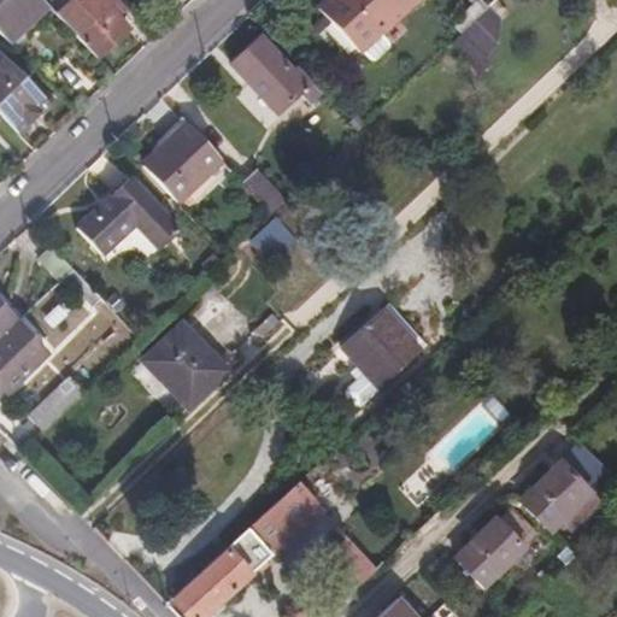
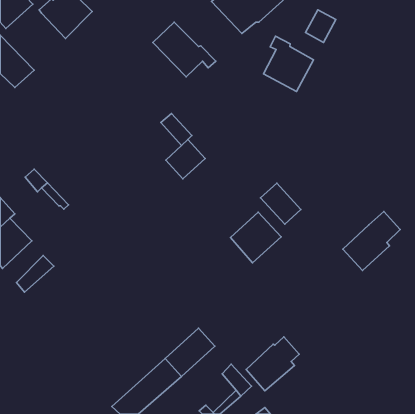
building: none -> [264,36,313,92]
building: [140,121,218,200] -> none
building: [78,178,180,252] -> none
building: none -> [261,183,301,224]
building: [145,328,227,409] -> none
building: [516,445,600,531] -> [343,212,400,270]
building: [453,509,531,588] -> [246,337,299,391]

